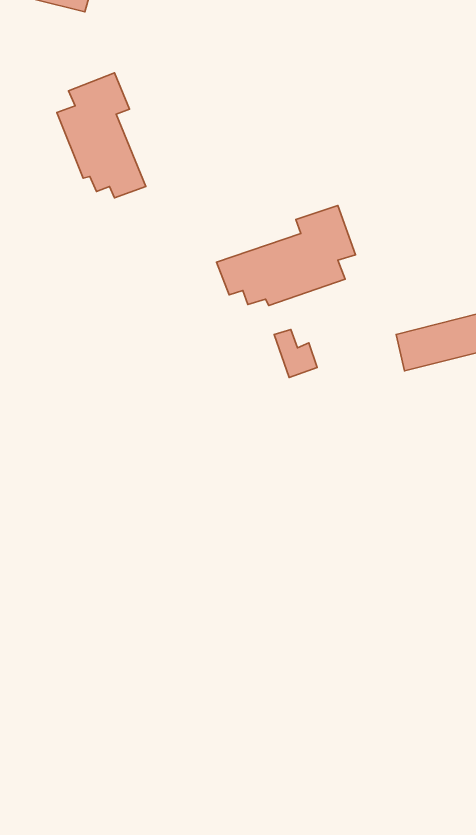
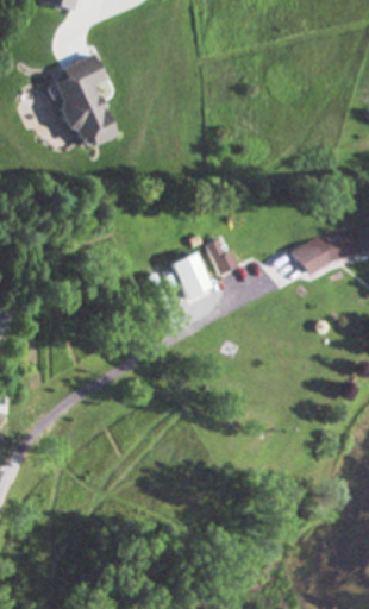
building: [217,205,355,305] -> none
building: none -> [173,252,213,297]

